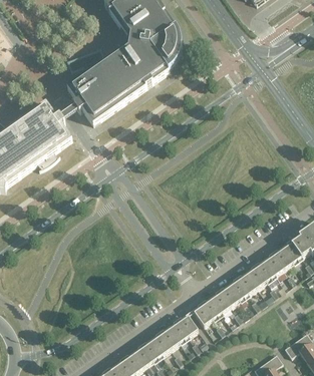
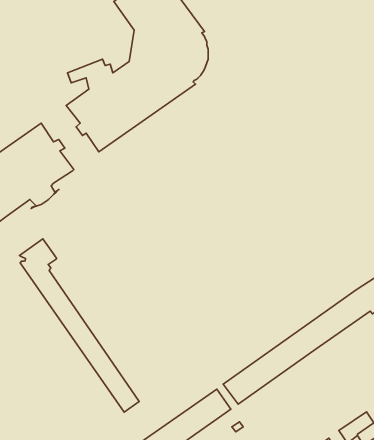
building: none -> [20,239,139,412]

